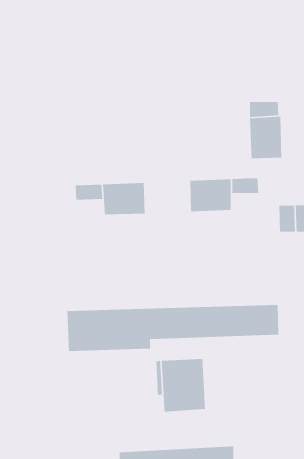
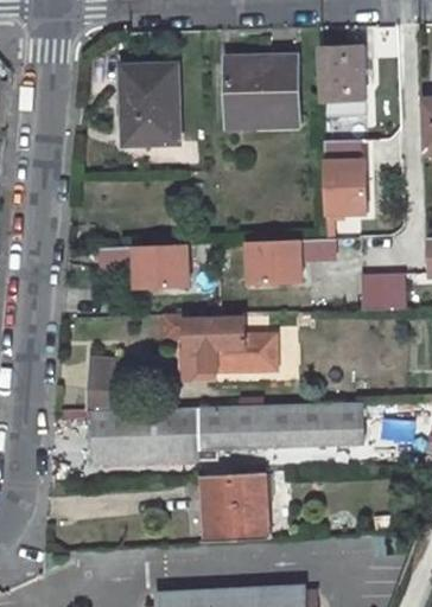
building: none -> [320,47,366,119]
building: none -> [227,58,298,127]
building: none -> [122,66,178,145]
building: none -> [164,315,275,371]
building: none -> [87,358,131,413]

